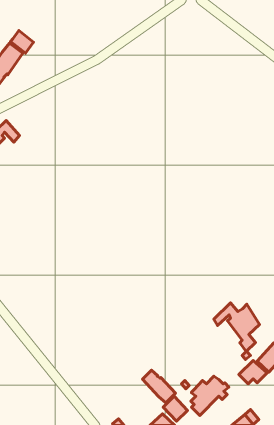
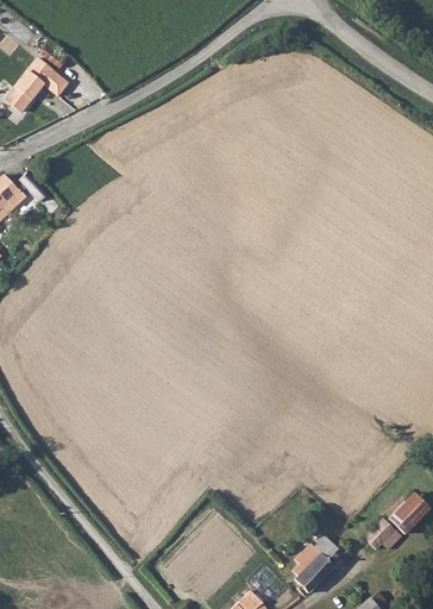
building: [214,303,259,352] -> none
building: [142,370,175,403] -> none

